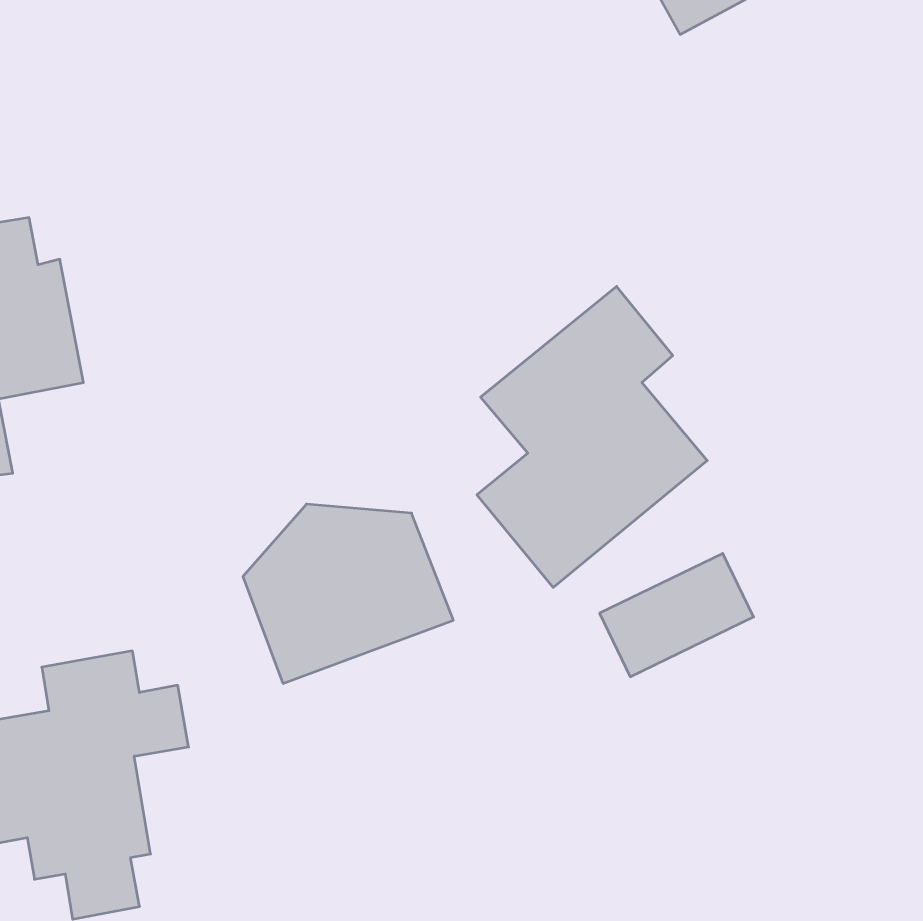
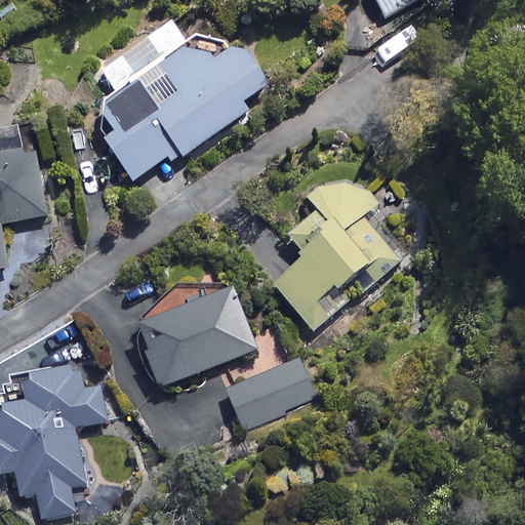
building: none -> [93,23,274,179]
building: [600,553,754,677] -> [227,360,314,430]

